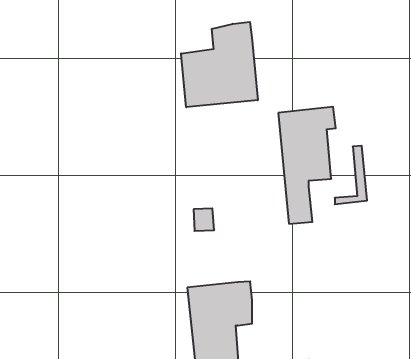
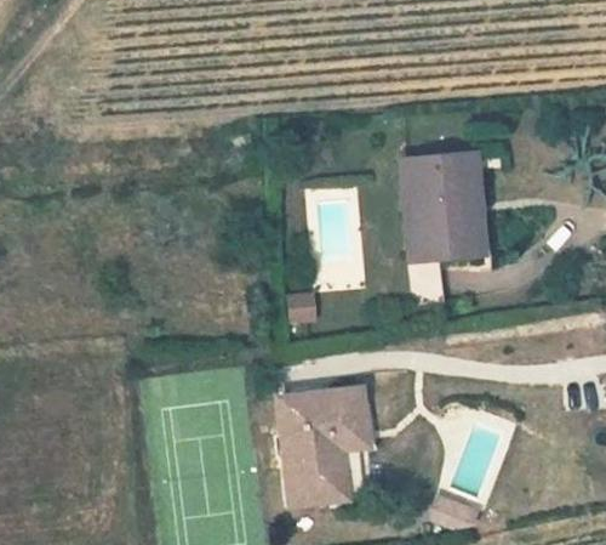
building: [181,22,258,107] -> none
building: [335,146,367,204] -> [444,181,487,260]

